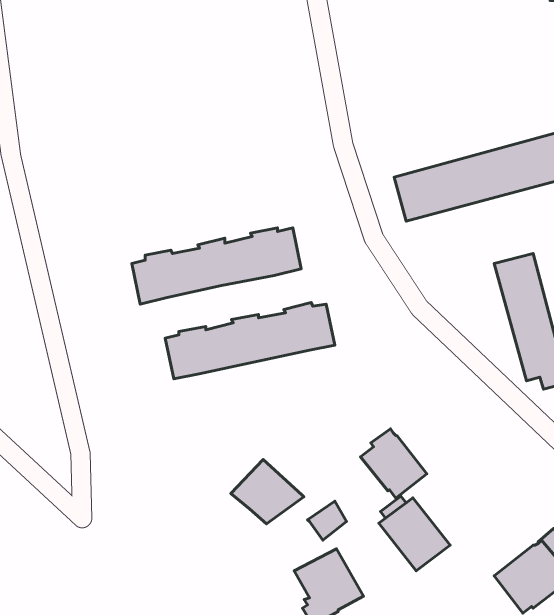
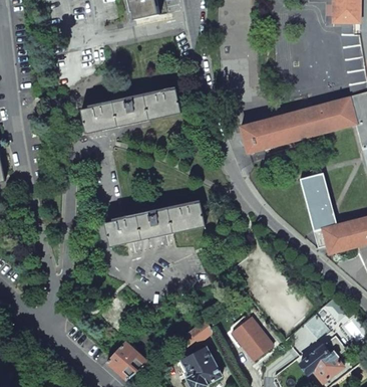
building: [132,228,301,304] -> [79,88,179,134]
building: [361,429,427,498] -> none
building: [231,459,304,524] -> [104,341,147,379]

